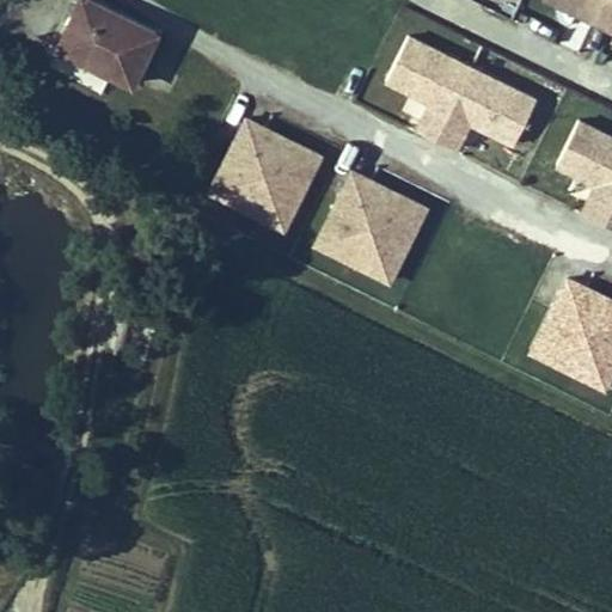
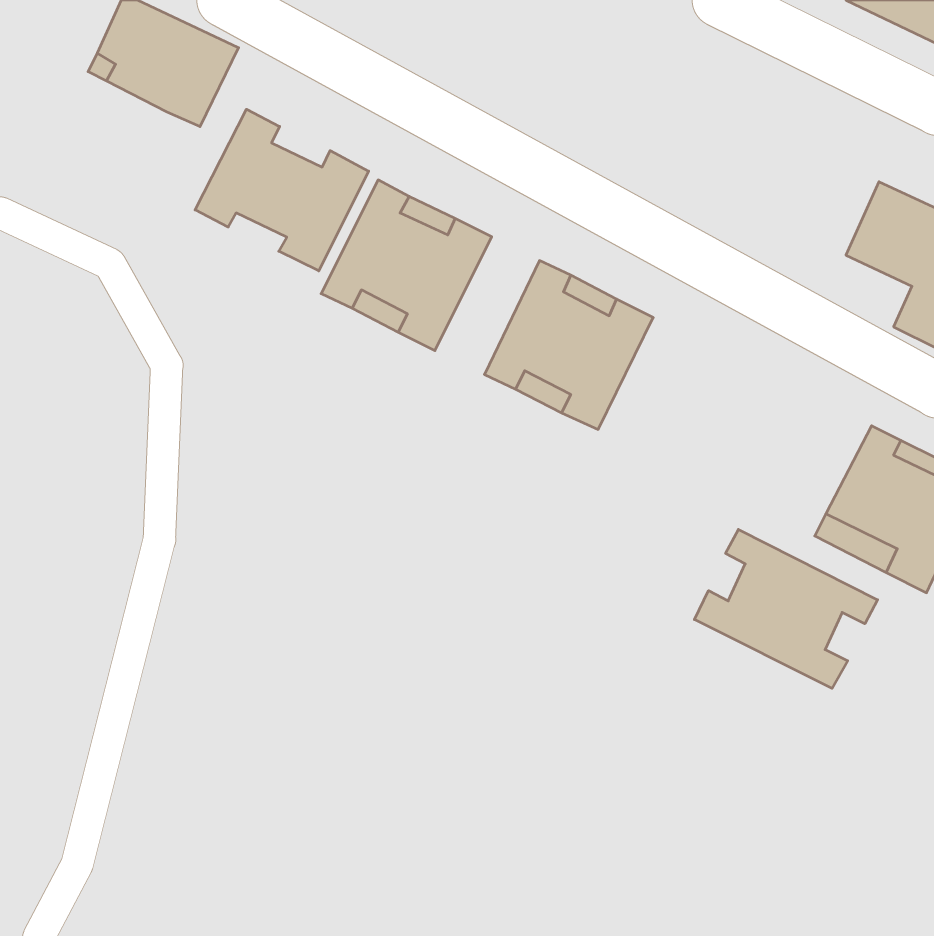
building: [386,39,530,151] -> none
building: none -> [195,109,369,271]
building: none -> [694,529,878,688]

